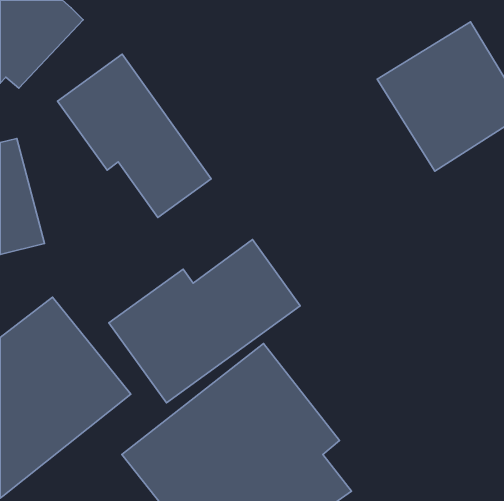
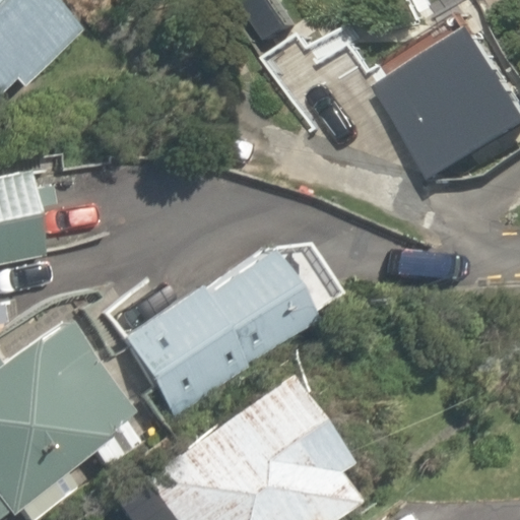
building: [57,54,211,218] -> none

